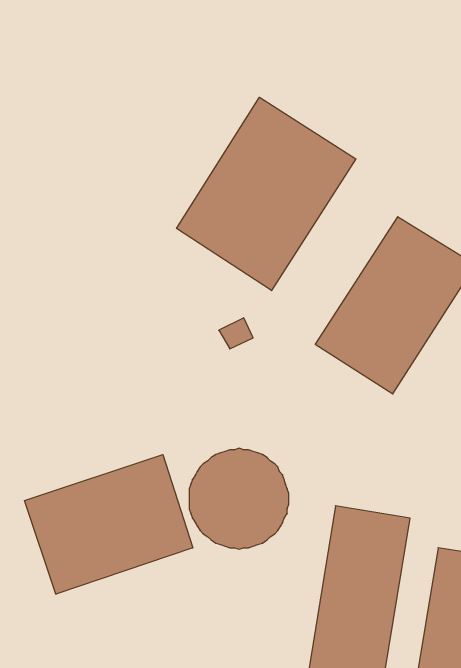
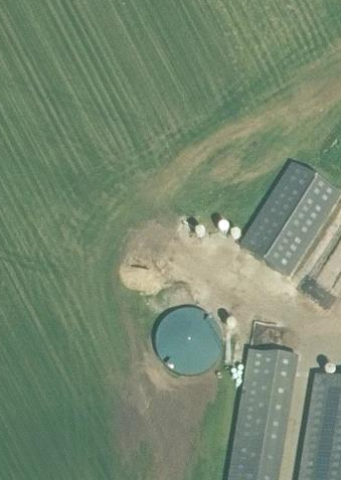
building: [177,97,356,291] -> none
building: [25,455,193,594] -> none

